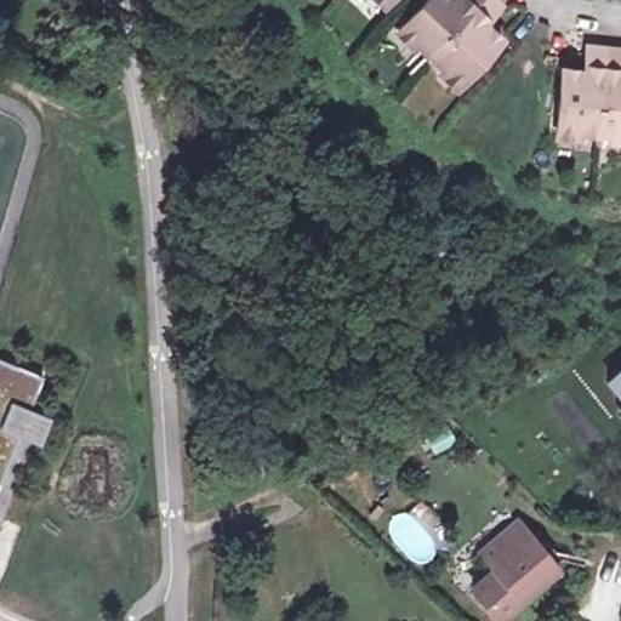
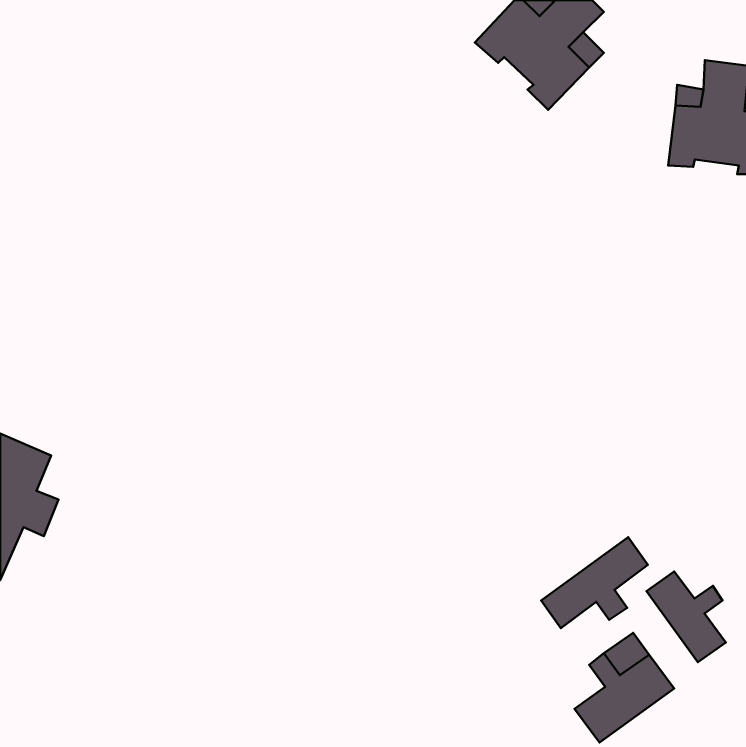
building: none -> [541,537,648,628]
building: none -> [646,571,726,662]

